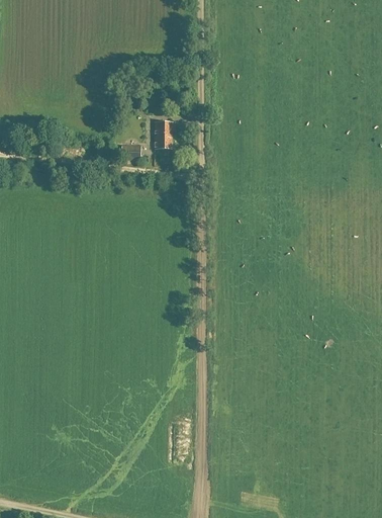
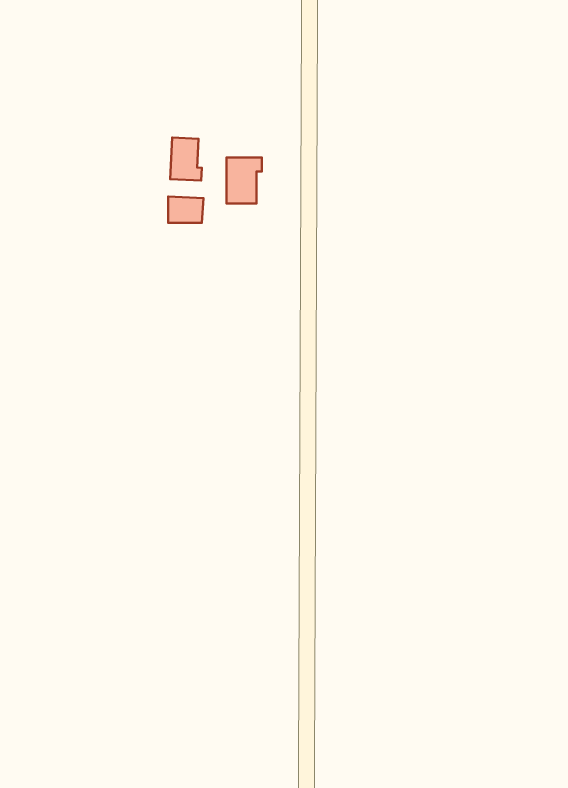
building: none -> [170,138,202,181]

